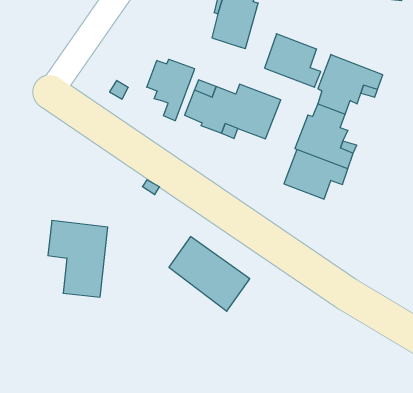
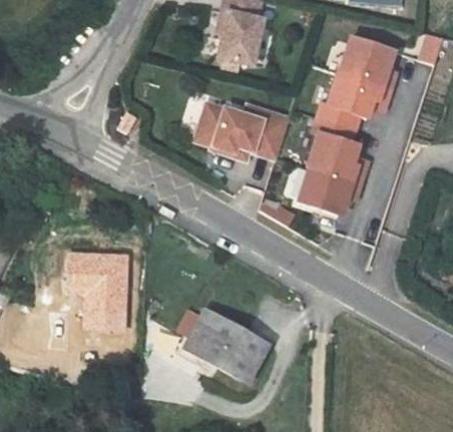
building: [265,34,321,87] -> [338,33,394,83]
building: [147,59,194,121] -> none
building: [169,237,250,311] -> [185,313,267,384]

